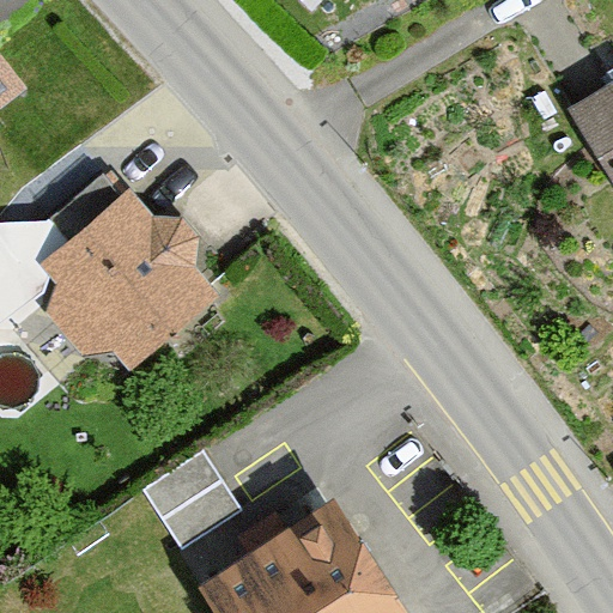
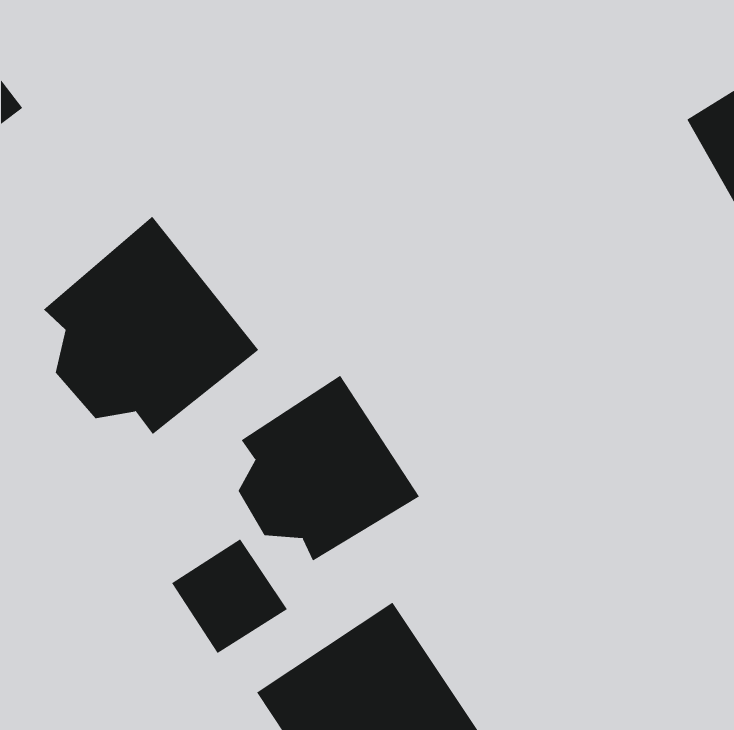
building: none -> [238,375,420,562]

